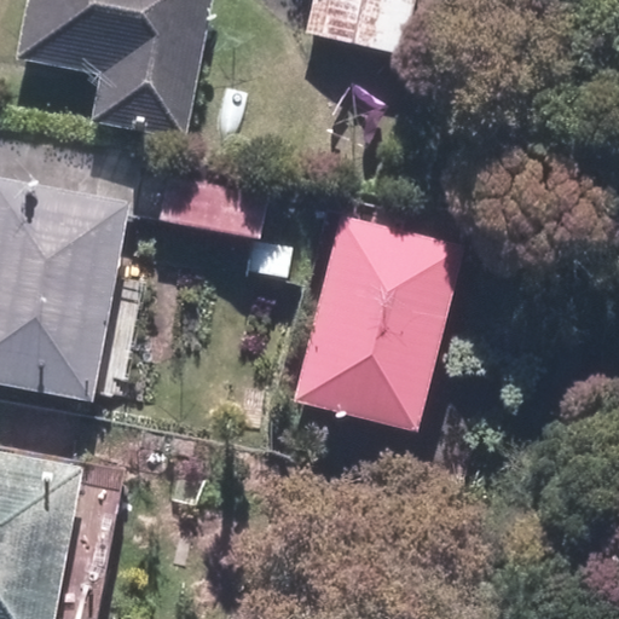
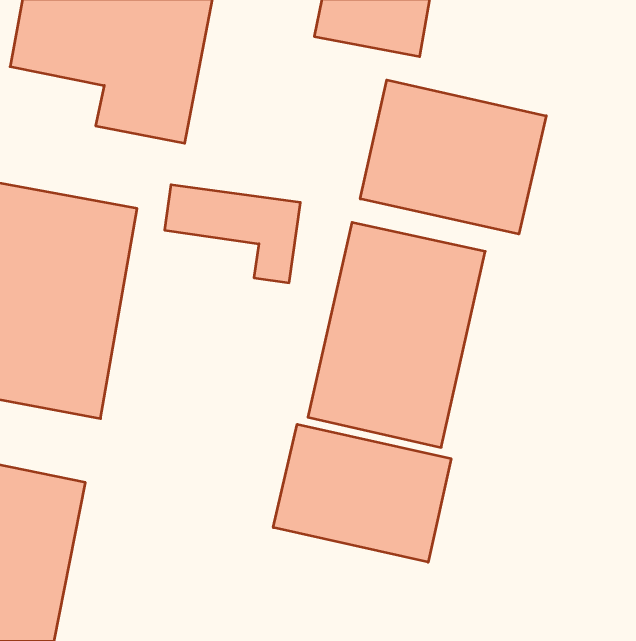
building: none -> [360,80,546,234]
building: none -> [273,424,451,562]

